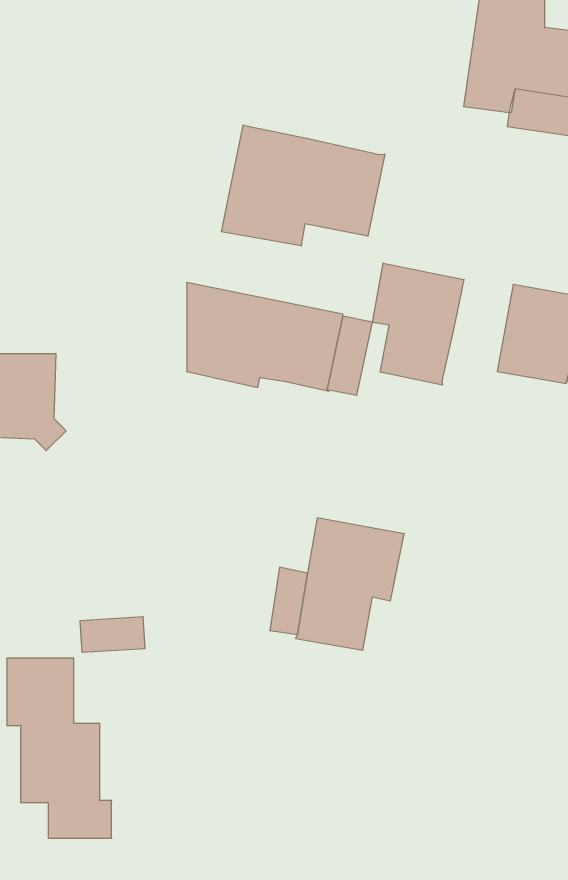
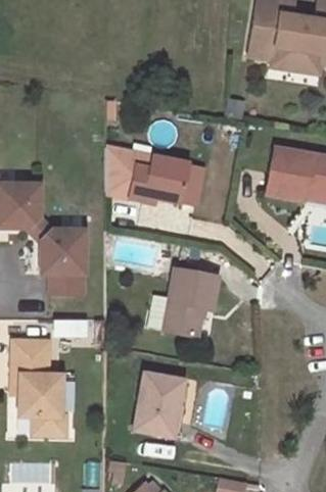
building: [221,125,385,246] -> none
building: [373,263,464,385] -> none
building: none -> [35,224,85,294]
building: none -> [134,373,185,437]

